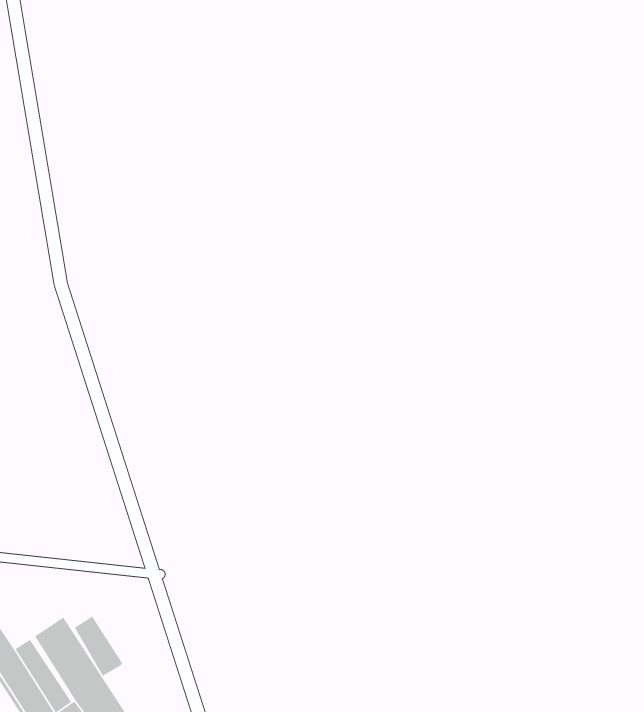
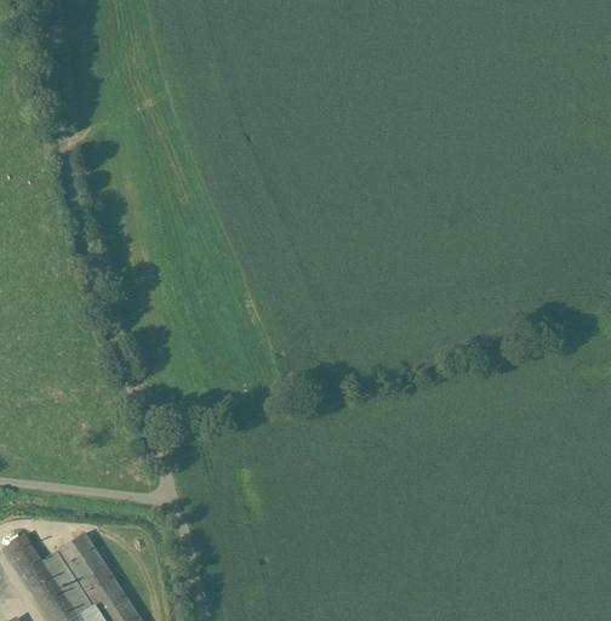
building: [74,616,124,677] -> none

